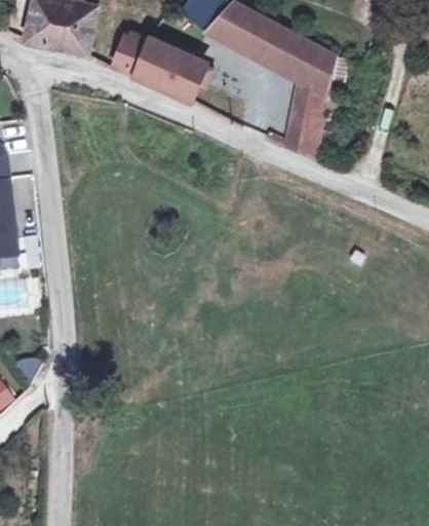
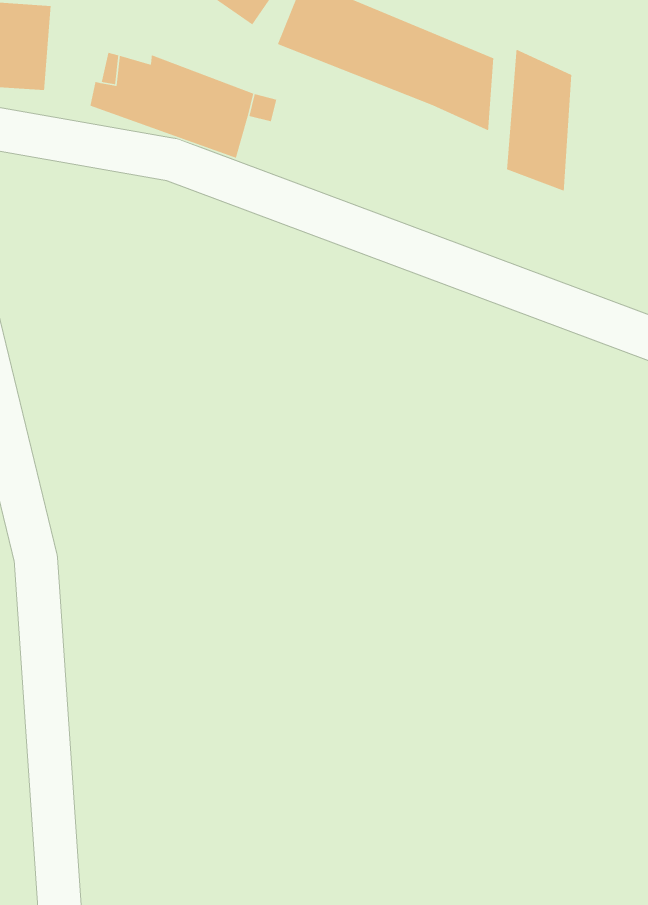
building: [288,76,328,156] -> [506,49,572,192]

